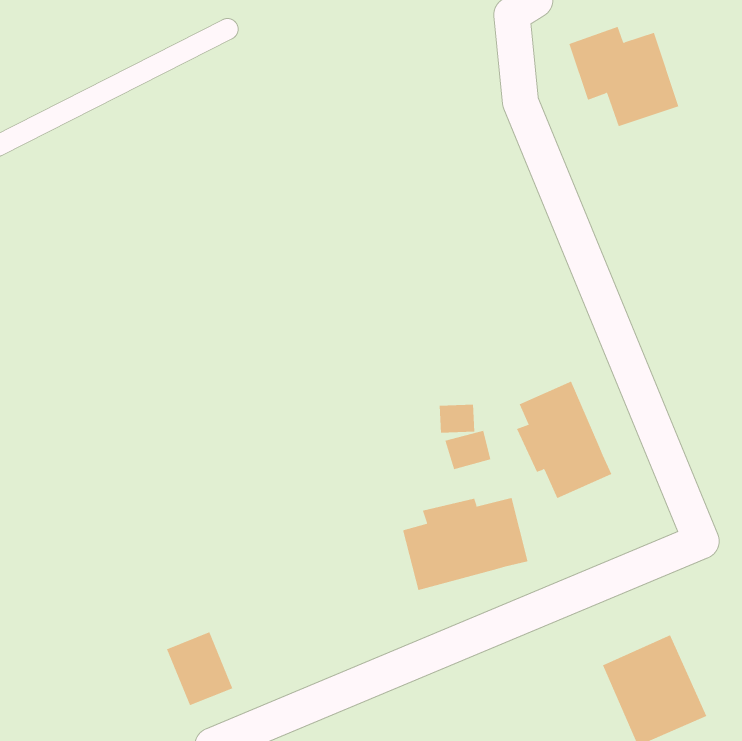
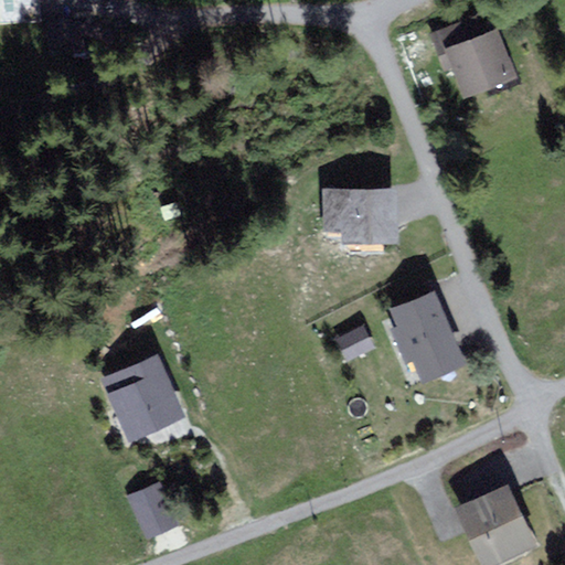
building: none -> [327,189,392,243]
building: none -> [106,358,181,438]
building: [402,497,528,591] -> none

